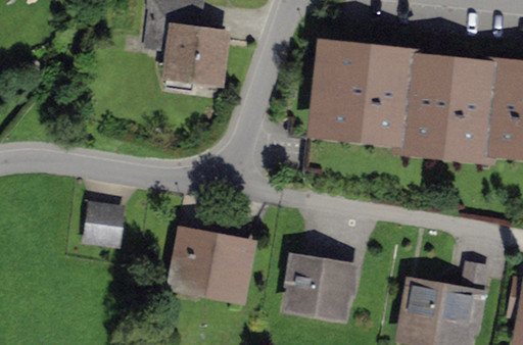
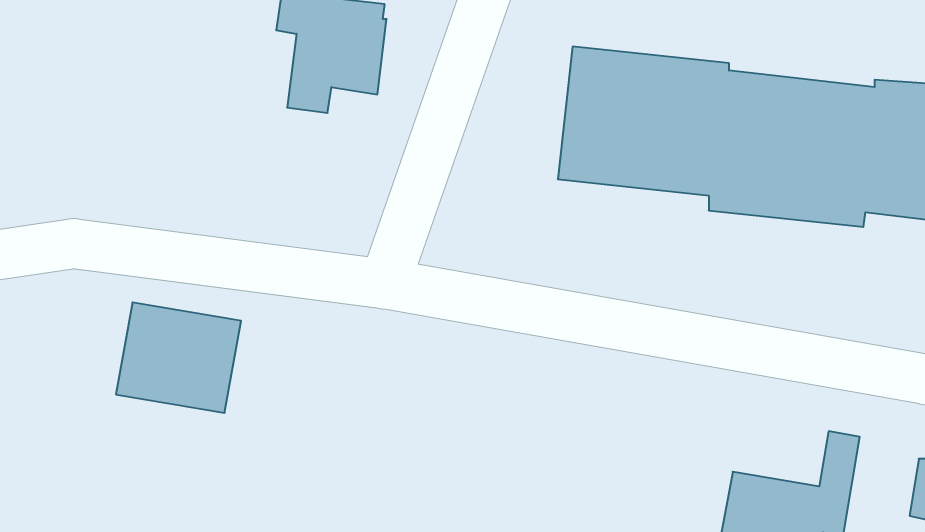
building: [177,232,244,296] -> none
building: [287,262,355,313] -> none

